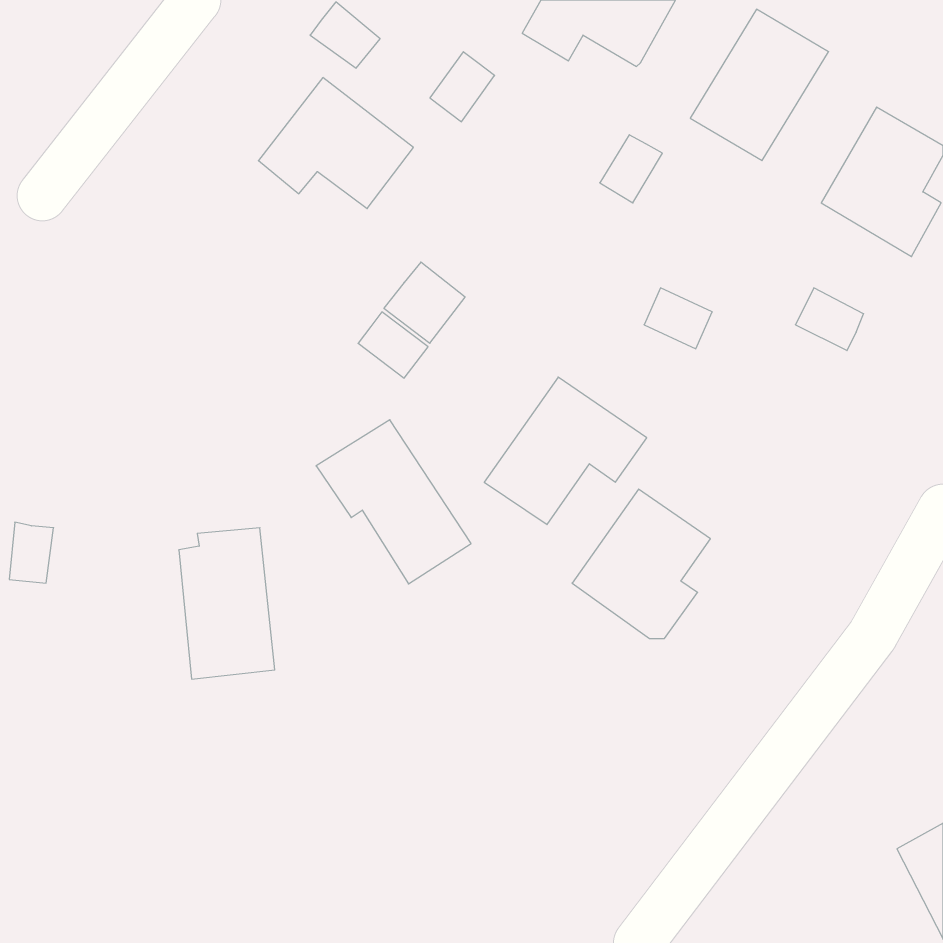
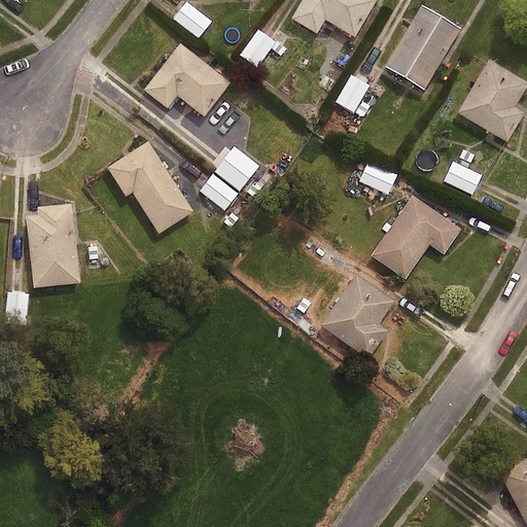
building: [484,377,647,525] -> [372,197,462,279]
building: [316,420,471,584] -> [107,142,194,234]
building: [179,528,275,679] -> [27,204,80,288]

